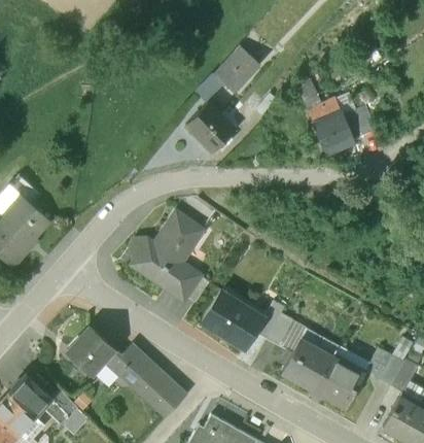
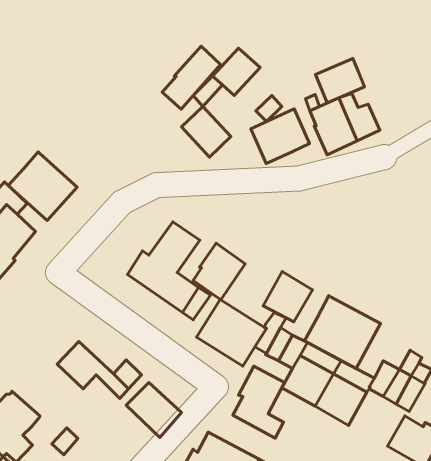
building: none -> [162,46,221,109]
building: none -> [316,58,365,103]
building: none -> [251,109,309,163]
building: none -> [8,152,77,220]
building: none -> [193,243,245,300]
building: none -> [263,271,313,322]
building: none -> [305,296,381,369]
building: none -> [233,366,284,438]
building: [42,390,76,427] -> none

